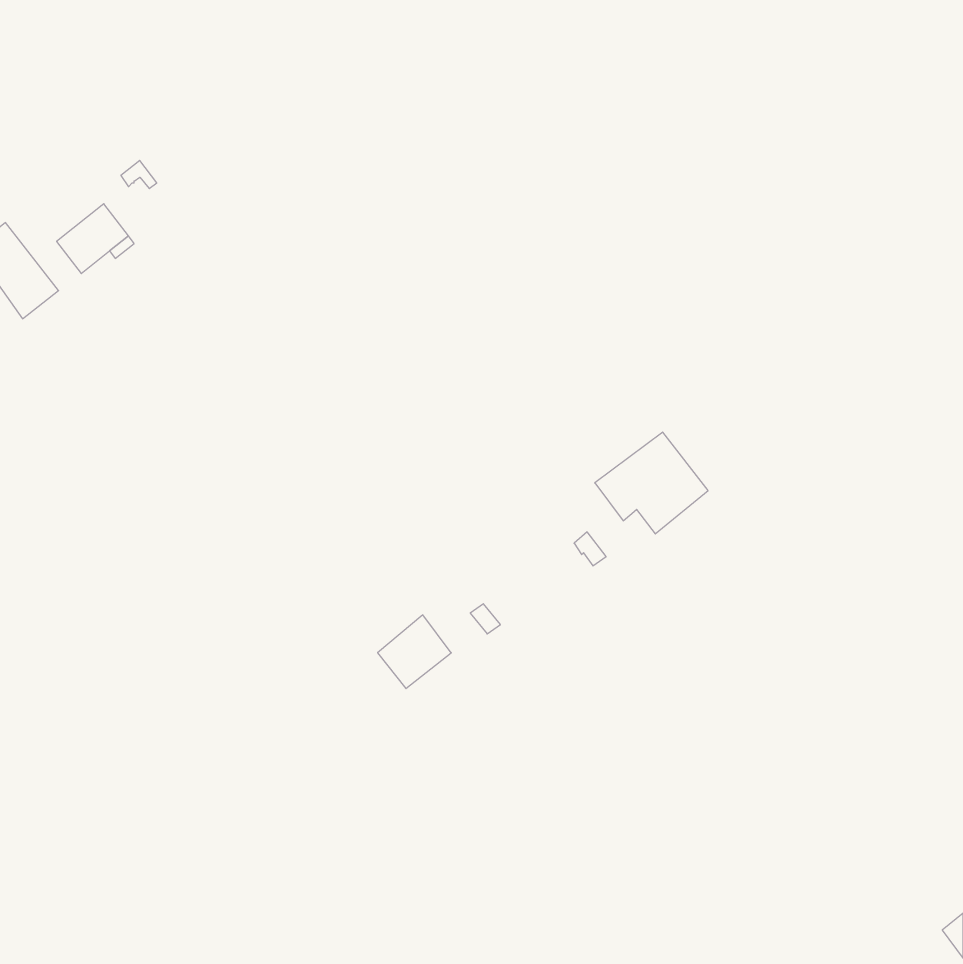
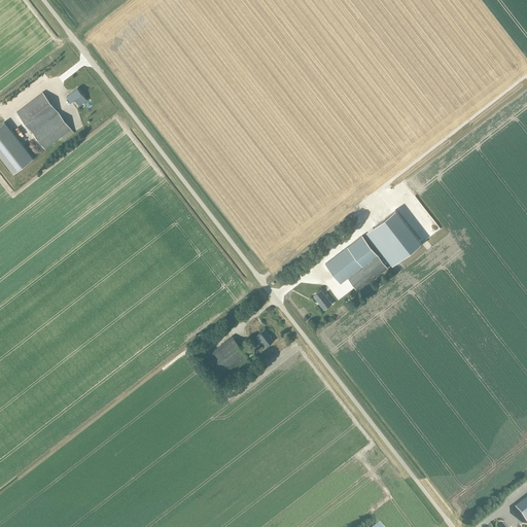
building: none -> [15,92,57,132]
building: none -> [374,210,421,260]

